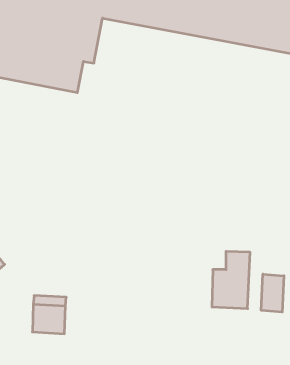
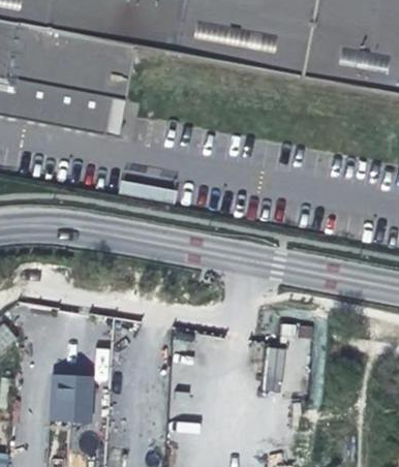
building: [261,274,284,312] -> none

